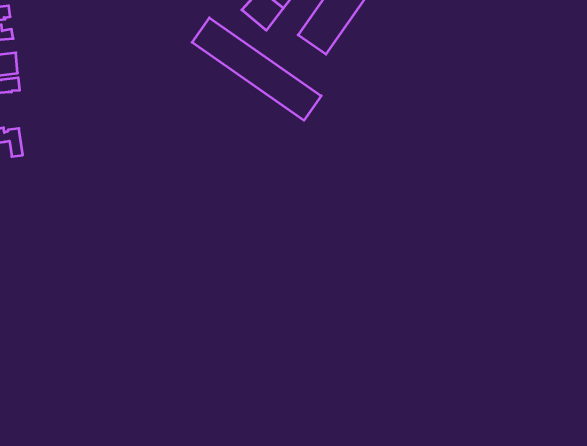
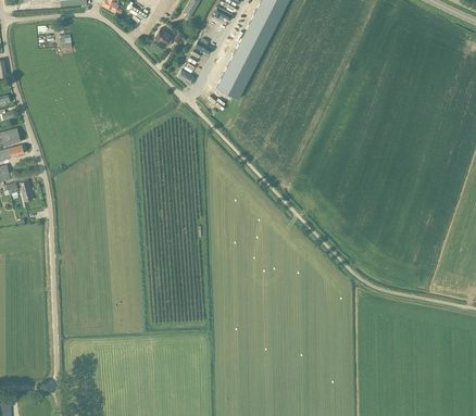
building: [192,18,321,120] -> none

